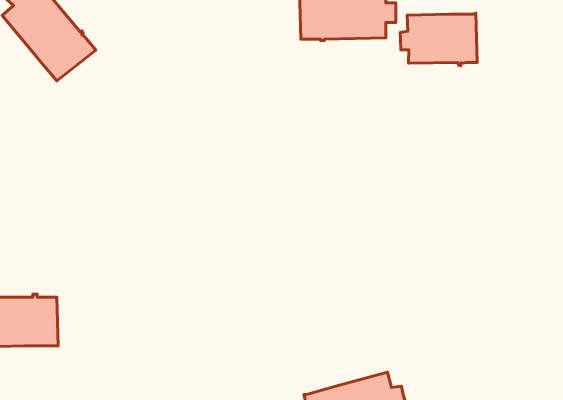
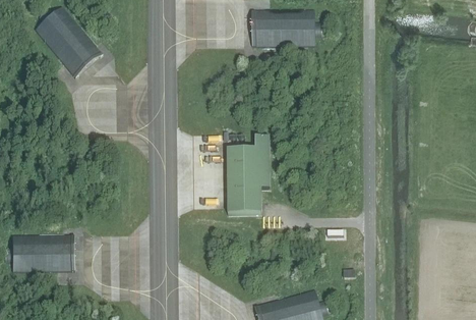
building: [400,13,477,66] -> none
building: none -> [227,137,270,214]

